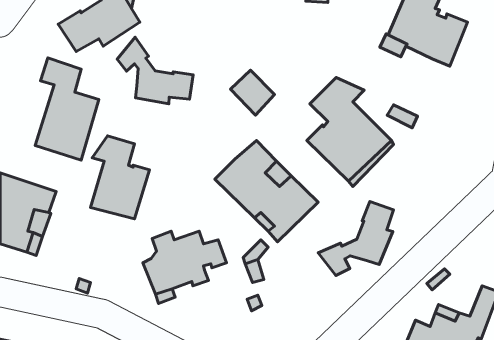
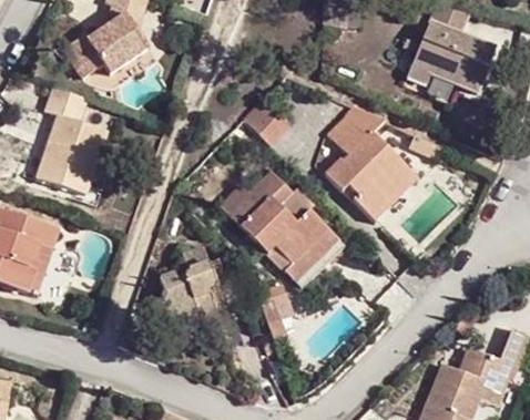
building: [117,37,193,104] -> none
building: [91,136,149,219] -> none
building: [318,201,393,275] -> none

